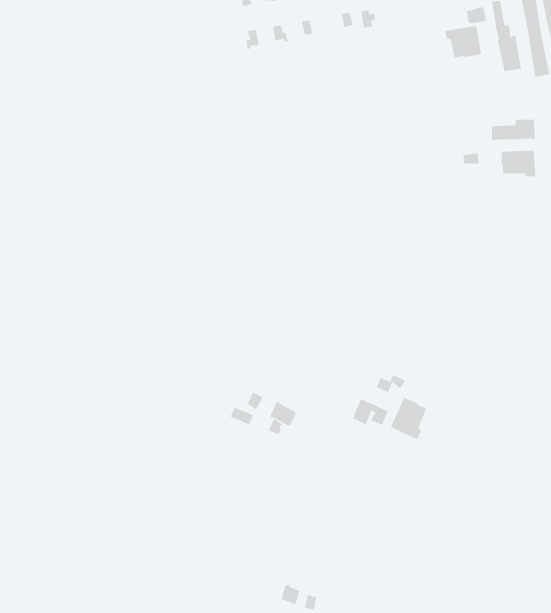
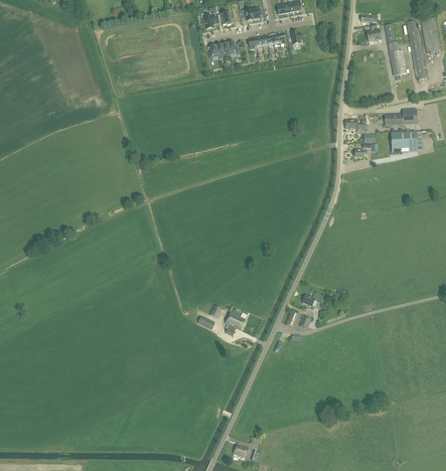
building: [444,25,481,58] -> none
building: [390,397,427,440] -> none

